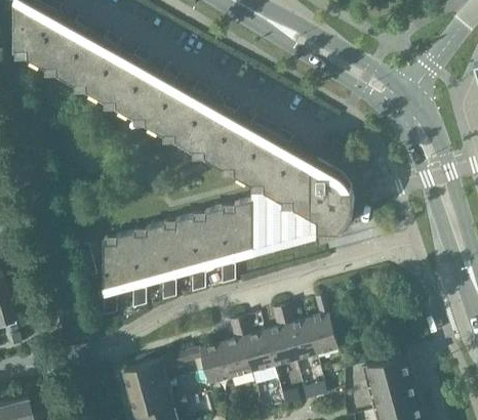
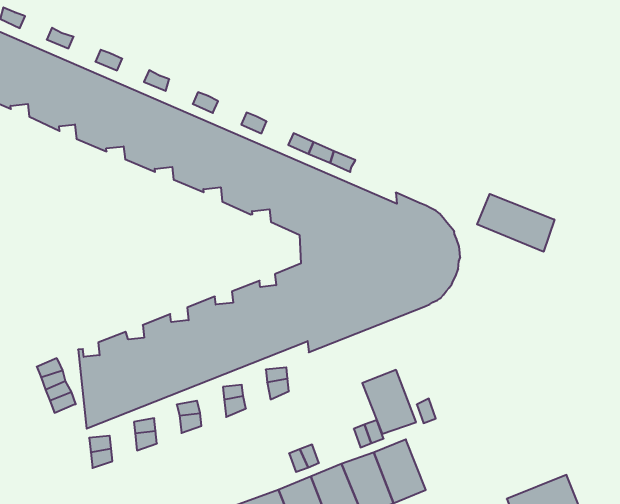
building: none -> [477,194,554,252]
building: [306,314,337,354] -> [362,370,416,434]

